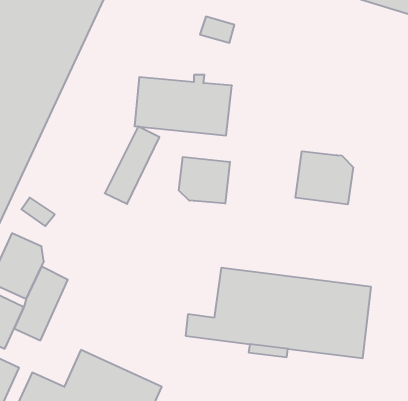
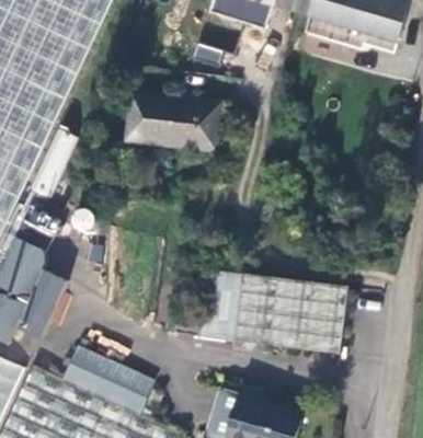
building: [105,126,159,204] -> [25,127,76,198]
building: [295,151,353,204] -> none
building: [179,157,230,204] -> none

